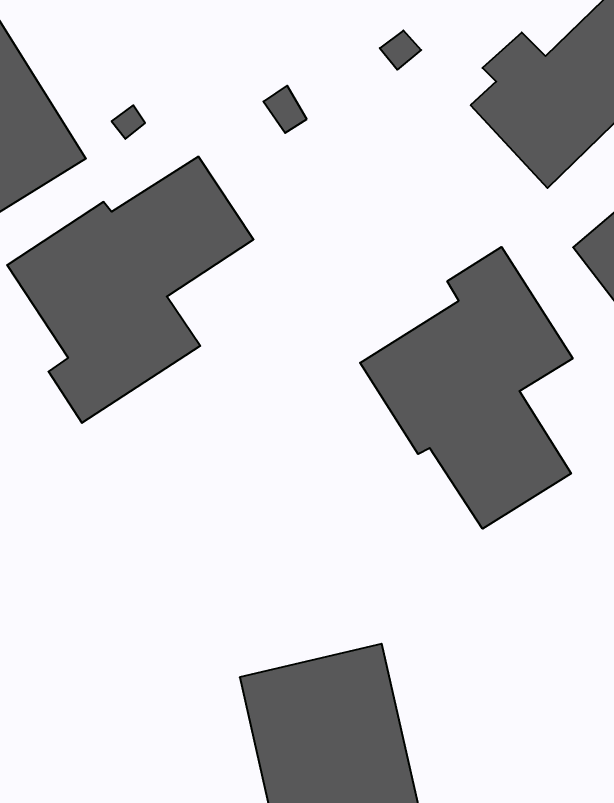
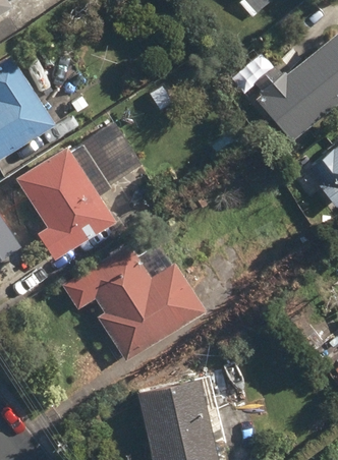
building: [360,247,573,529] -> none
building: none -> [62,242,207,361]

